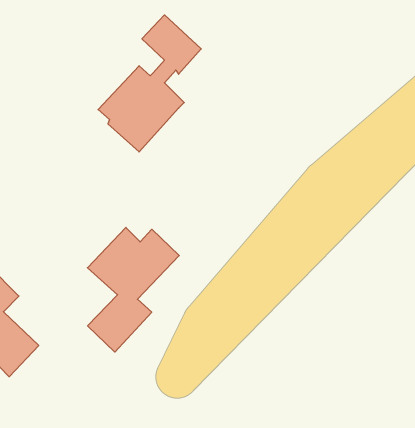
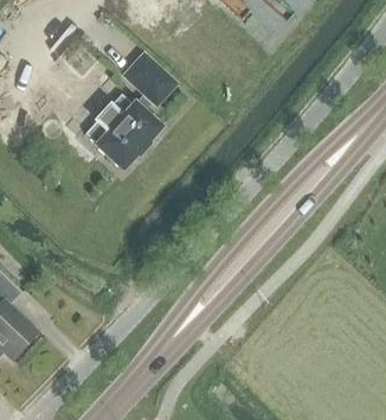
building: [87,227,179,352] -> none

